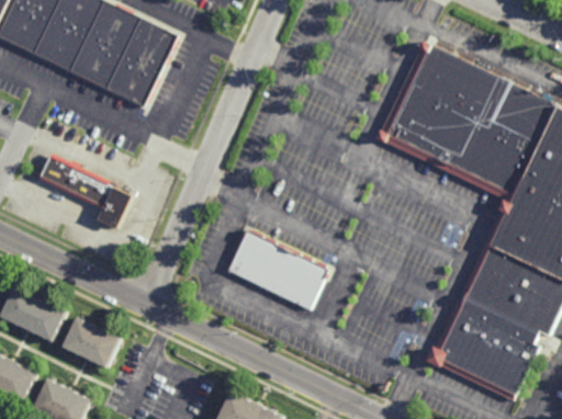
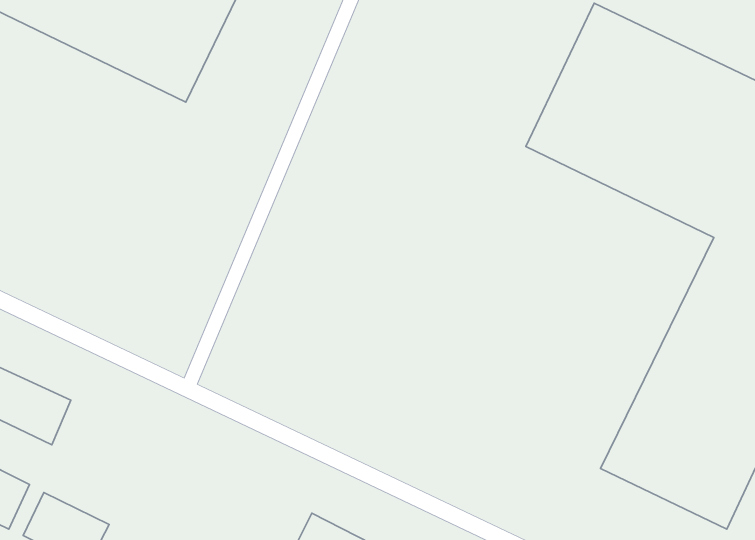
building: [38,155,133,230] -> none
building: [226,233,327,310] -> none
building: [64,318,121,367] -> none

